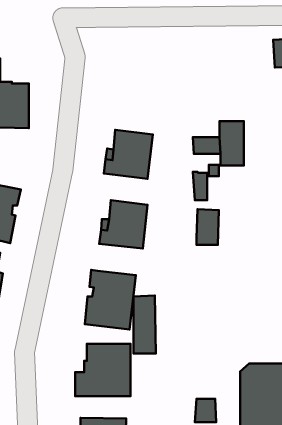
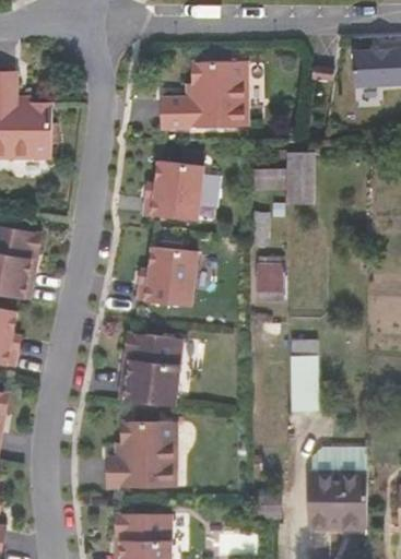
building: none -> [162,61,247,128]
building: [133,295,156,353] -> [291,341,318,412]

